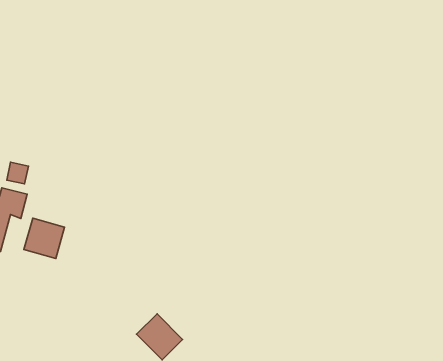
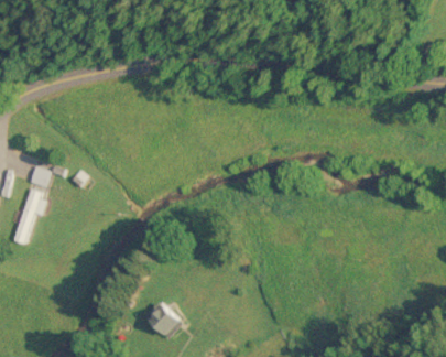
building: [24,218,65,259] -> none

